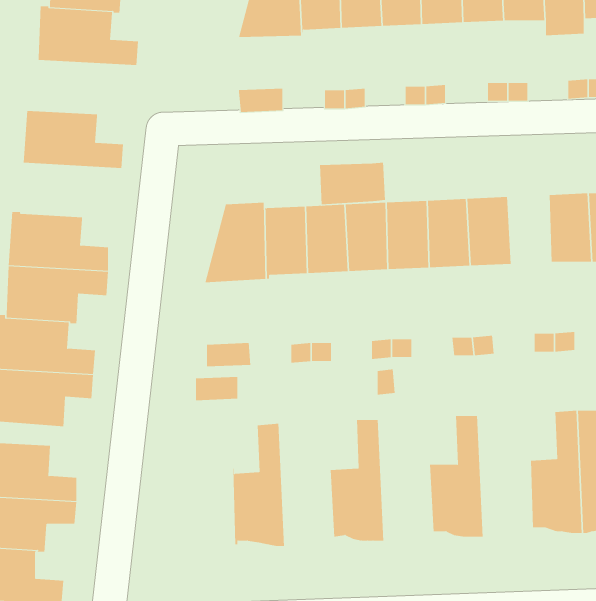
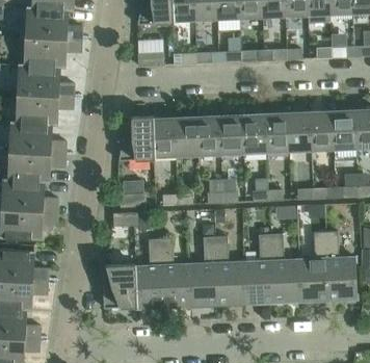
building: none -> [20,35,81,69]
building: [319,162,385,205] -> none
building: none -> [17,94,73,125]
building: none -> [287,111,311,150]
building: none -> [270,233,300,302]
building: none -> [215,236,245,304]
building: none -> [160,238,190,307]
building: none -> [104,263,135,308]

